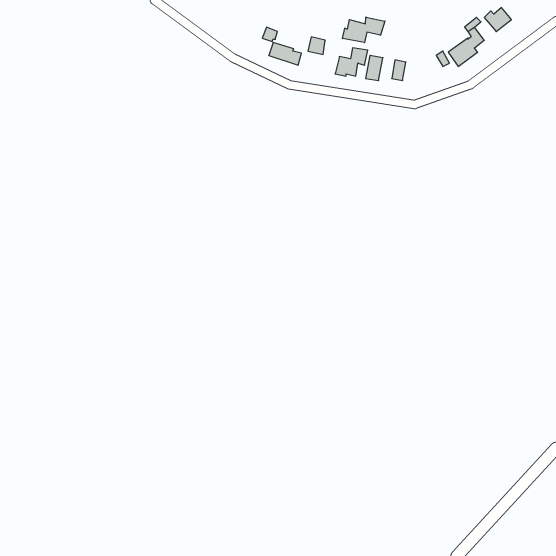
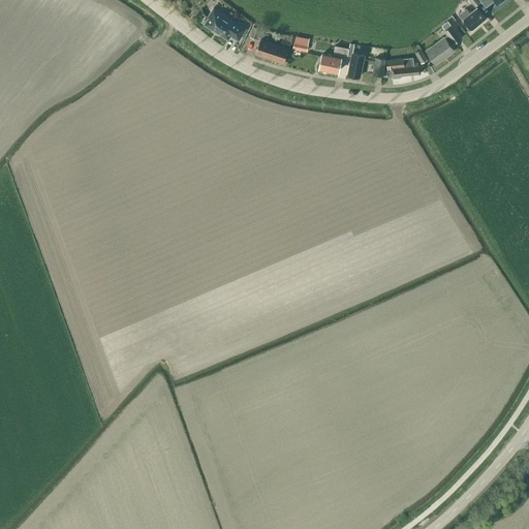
building: none -> [205,8,246,39]
building: [343,17,385,43] -> none
building: none -> [387,57,418,79]

